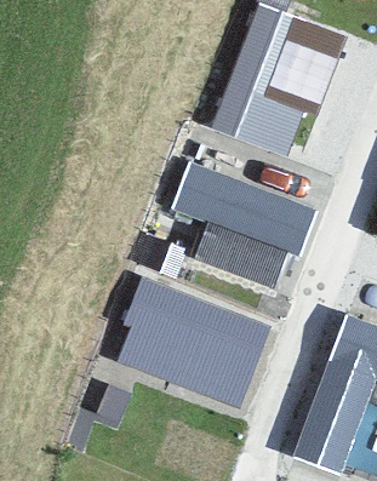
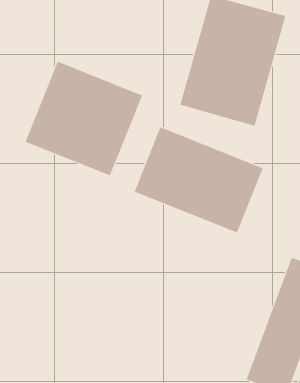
building: none -> [25,61,143,176]
building: [112,276,272,410] -> none

